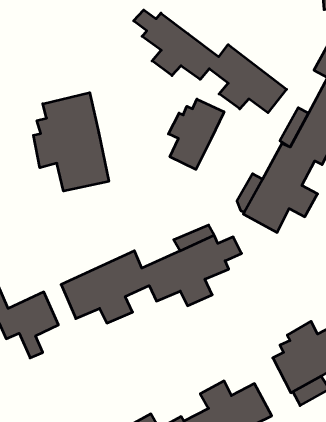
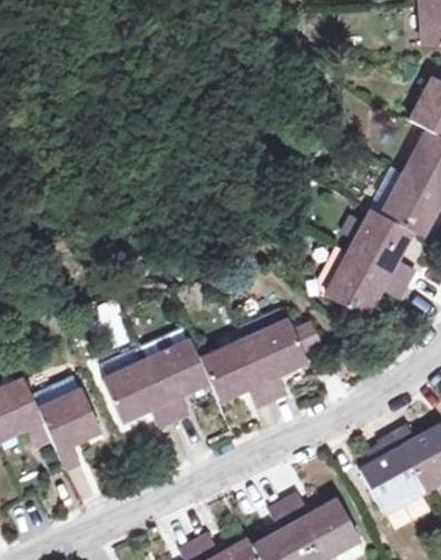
building: [134,10,287,113] -> none
building: [33,93,109,191] -> none
building: [168,99,224,169] -> none

